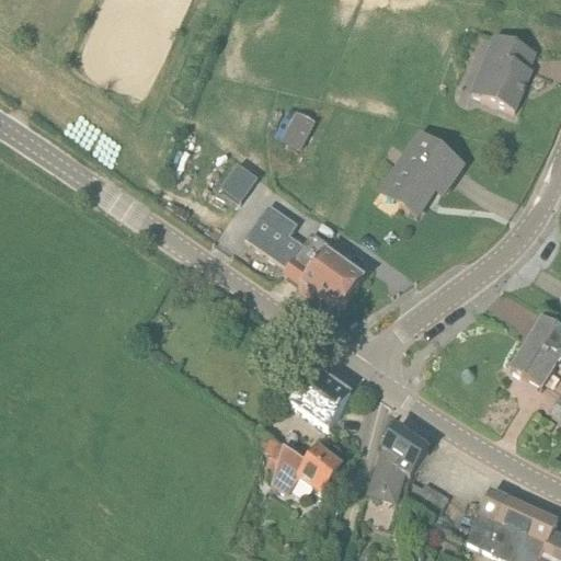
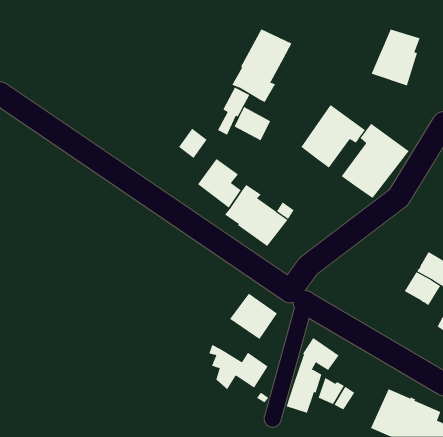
building: none -> [232,28,292,103]
building: none -> [234,106,271,141]
building: none -> [341,123,409,199]

